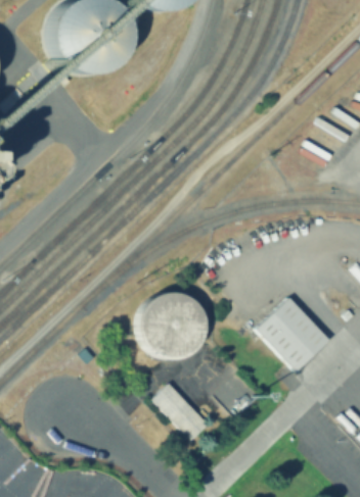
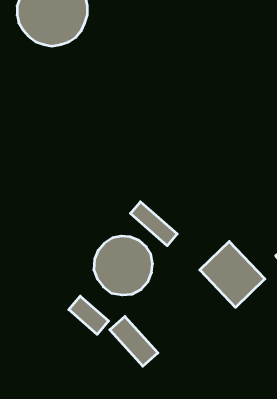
building: none -> [130,202,177,246]
building: none -> [69,296,109,334]

